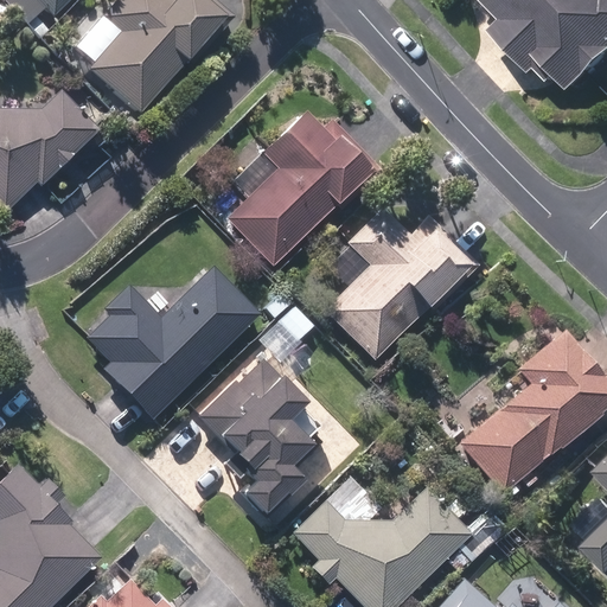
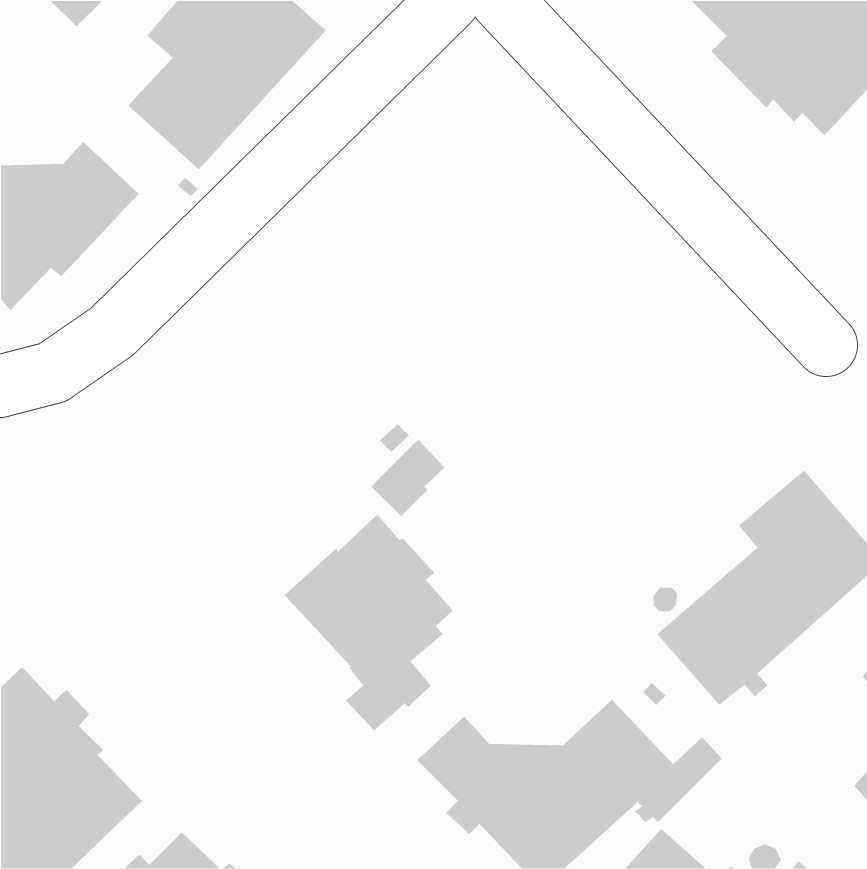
building: [226,109,376,277] -> none
building: [325,206,468,358] -> none
building: [89,266,260,418] -> none

